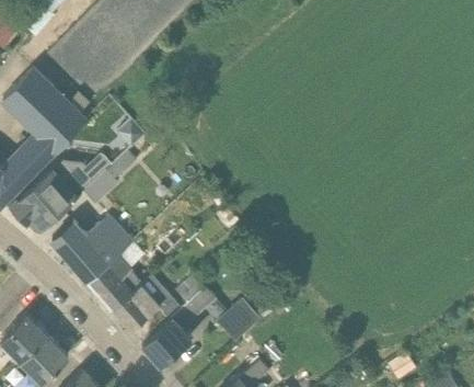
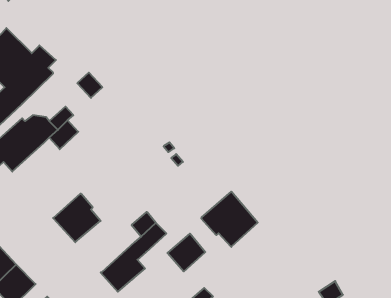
building: [50,224,131,282] -> none
building: none -> [202,192,258,247]
building: [112,276,178,343] -> none

